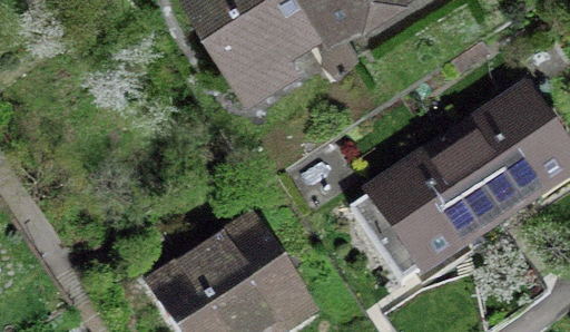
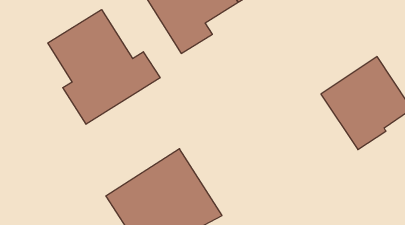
building: none -> [48,10,160,124]
building: [373,148,501,272] -> none

